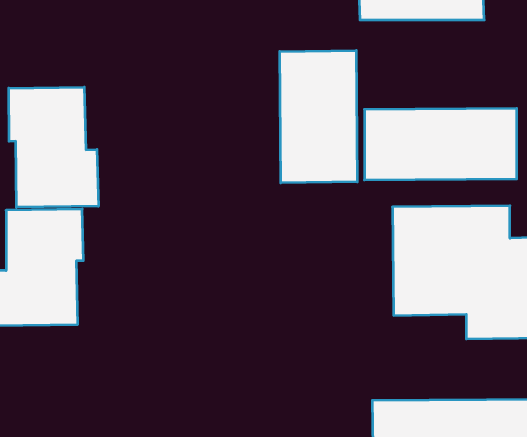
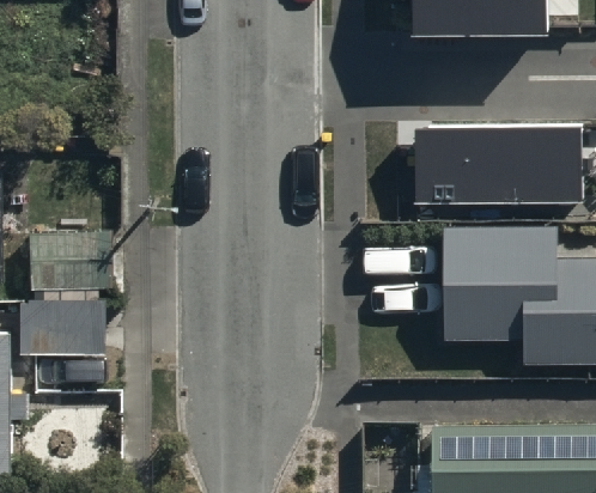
building: [280,50,357,183] -> none
building: [9,87,98,207] -> none

